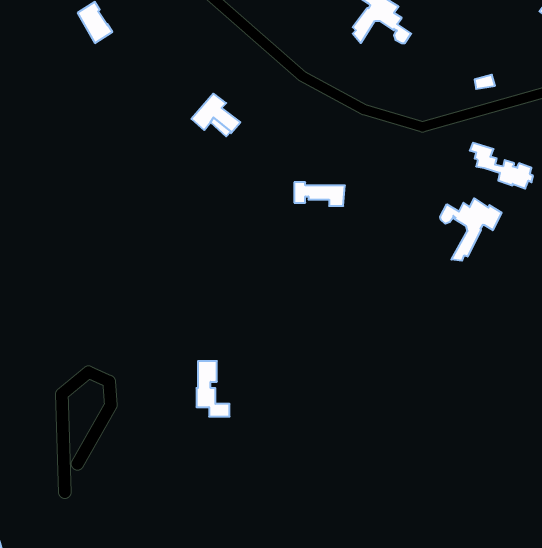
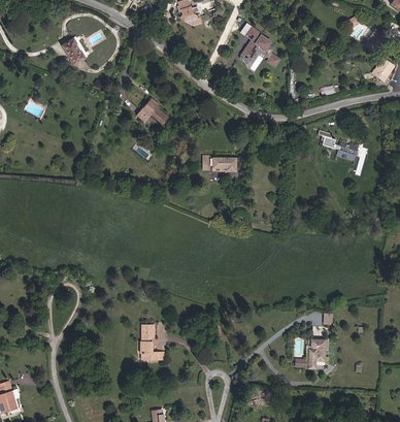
building: [440,198,502,261] -> none
building: [196,361,230,417] -> [140,324,162,360]
building: none -> [295,339,326,368]

